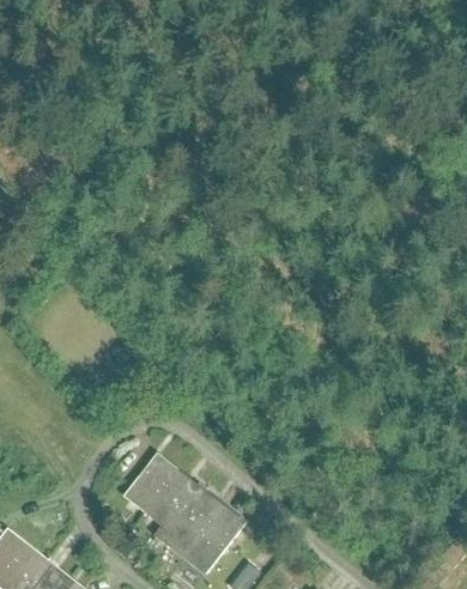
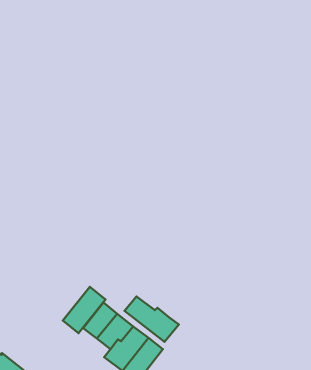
building: none -> [63,287,106,333]
building: none -> [124,297,179,342]

